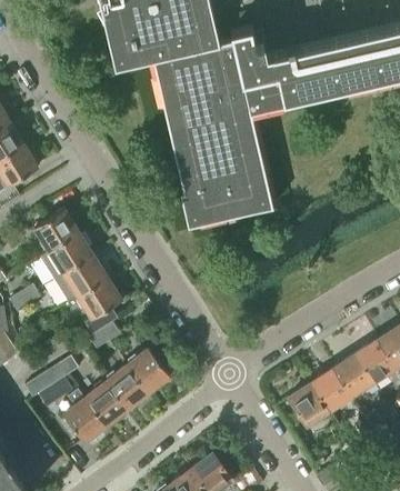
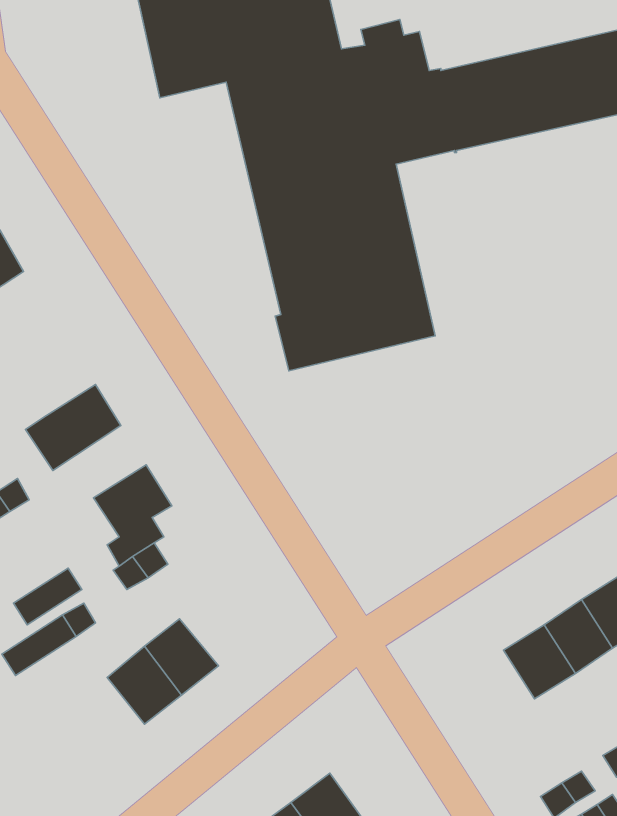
building: [33,210,78,252] -> none
building: [53,257,107,303] -> none
building: [126,349,169,393] -> none
building: [288,384,328,427] -> none
building: [63,392,106,443] -> none

